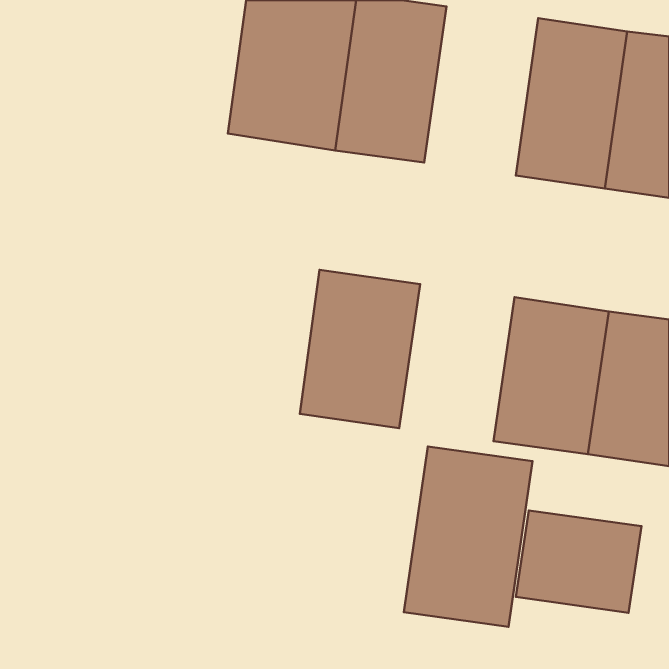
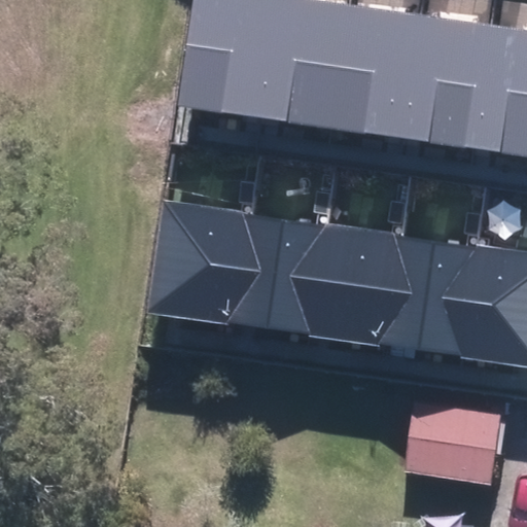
building: none -> [333,5,423,138]
building: none -> [148,200,251,325]
building: none -> [314,223,405,347]
building: [404,447,533,627] -> none

